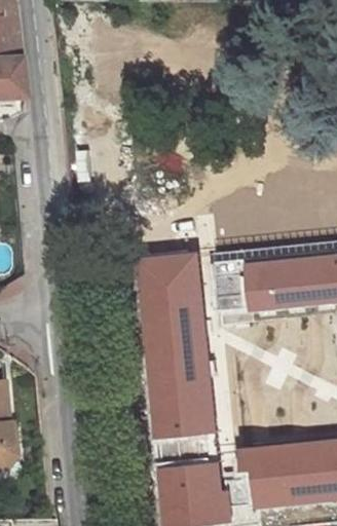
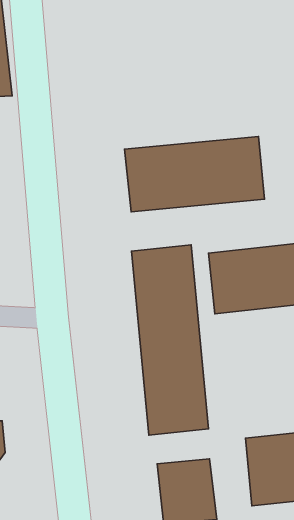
building: none -> [124,136,264,212]

